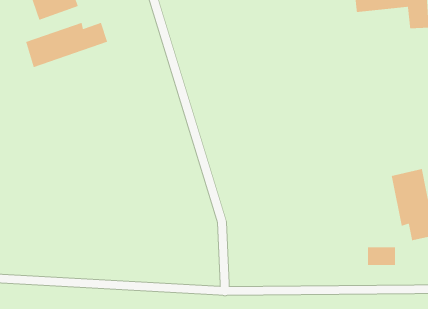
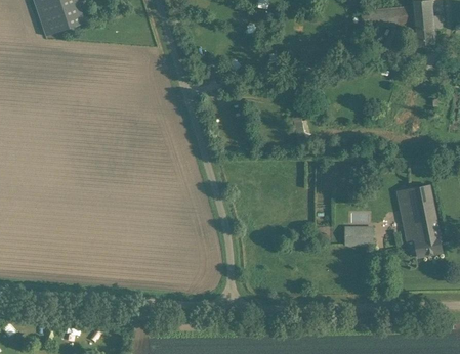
building: [25,22,108,68] -> none
building: [367,247,396,266] -> [345,225,374,245]

